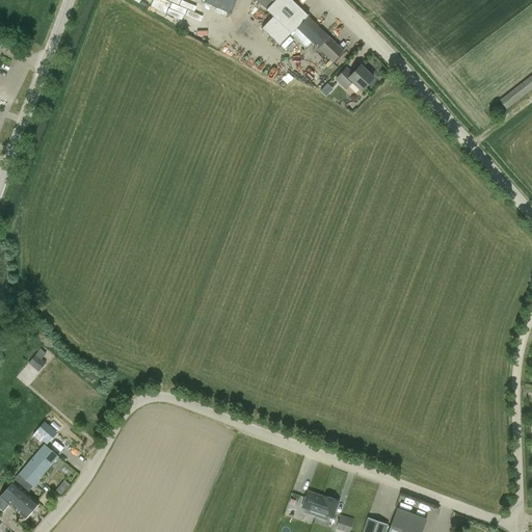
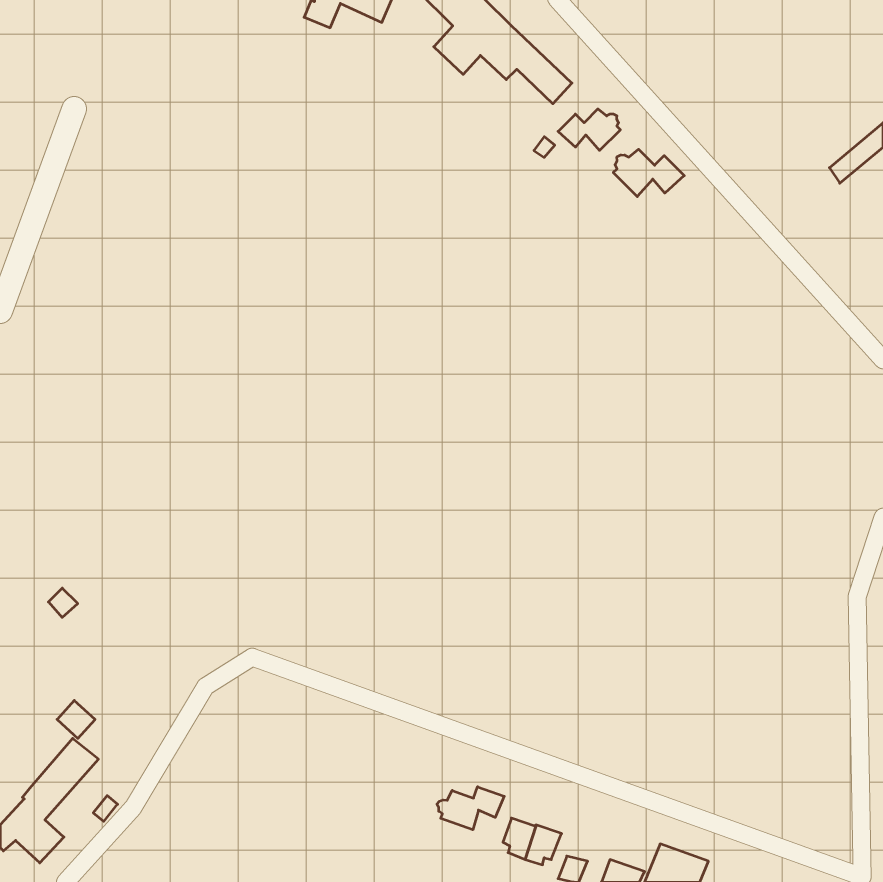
building: none -> [613,149,684,197]
building: none -> [437,787,504,830]

